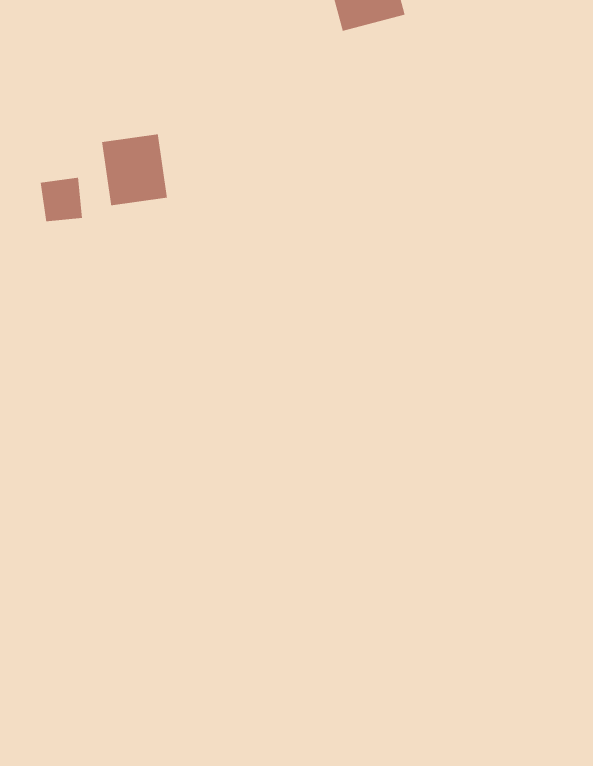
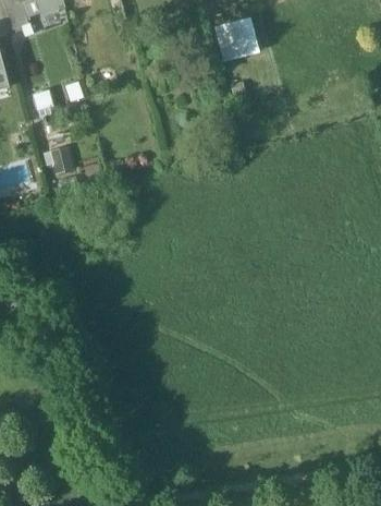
building: [102,134,167,206] -> none

